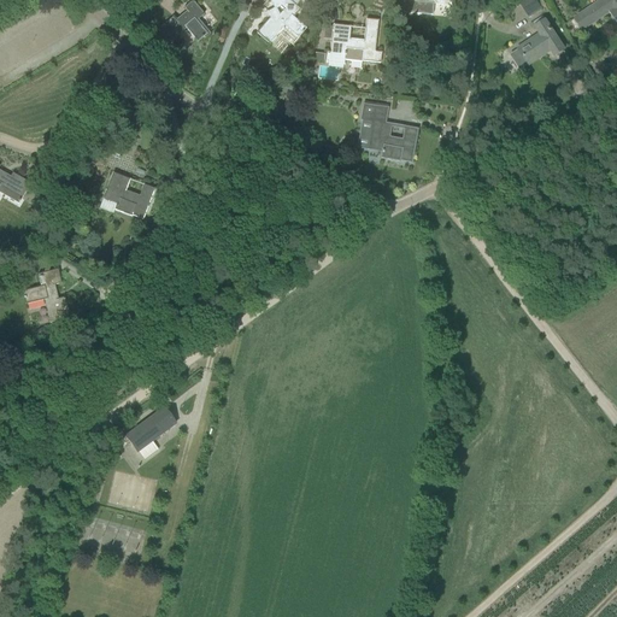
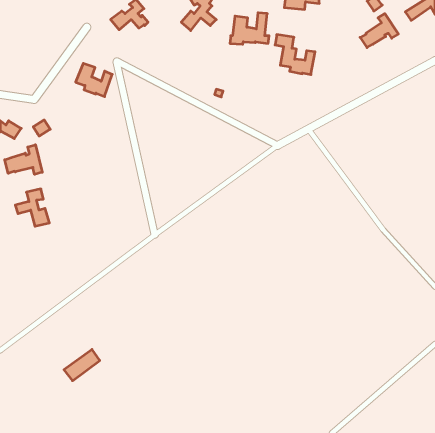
building: [360,104,417,160] -> [275,35,315,75]
building: [102,171,154,218] -> [76,63,112,97]
building: none -> [5,145,42,174]
building: [124,406,175,451] -> [64,349,100,381]

